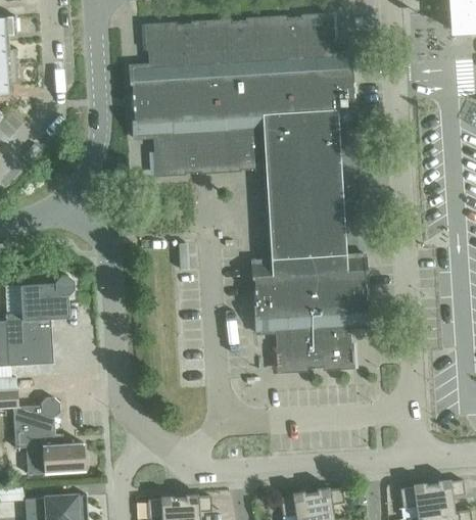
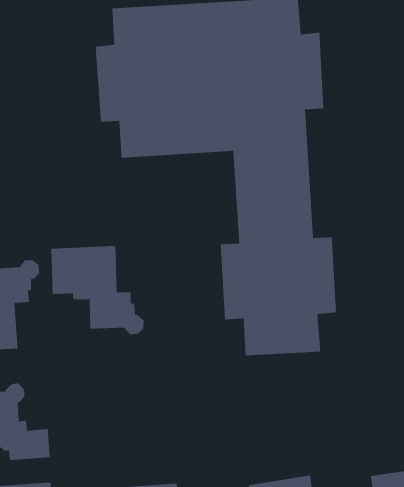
building: none -> [51,245,144,335]

